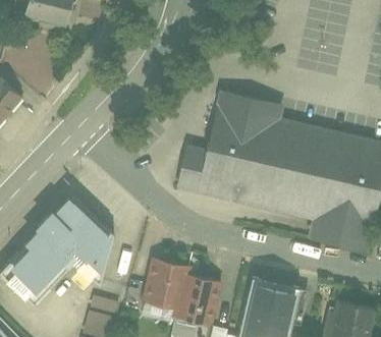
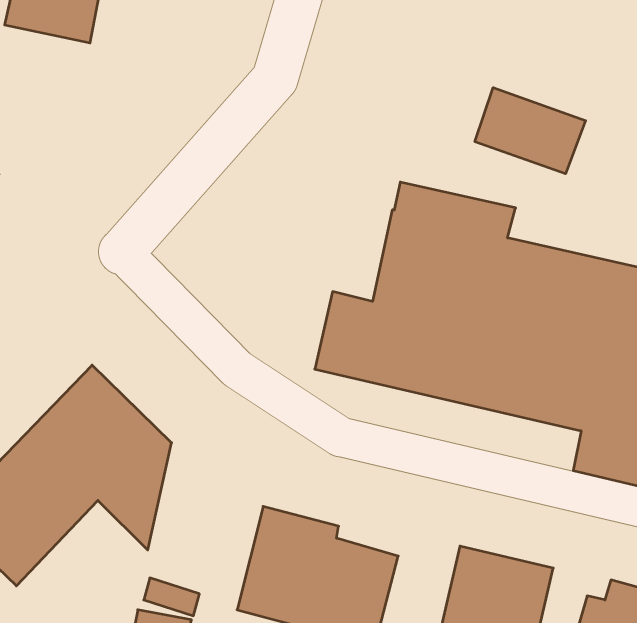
building: none -> [475,88,586,174]

